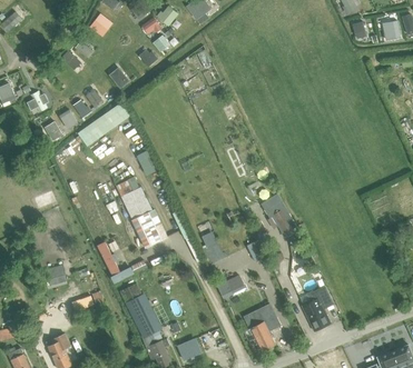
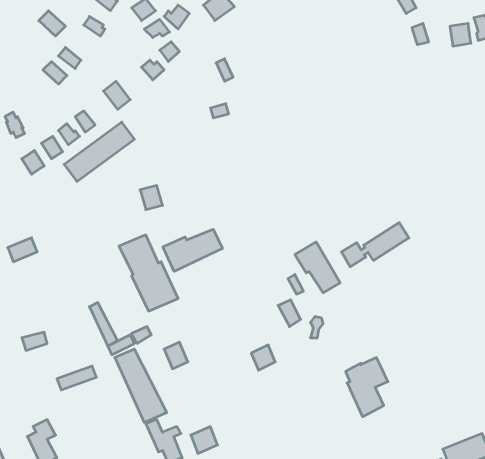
building: none -> [341,223,409,267]
building: none -> [163,229,222,271]
building: [245,305,281,350] -> none

